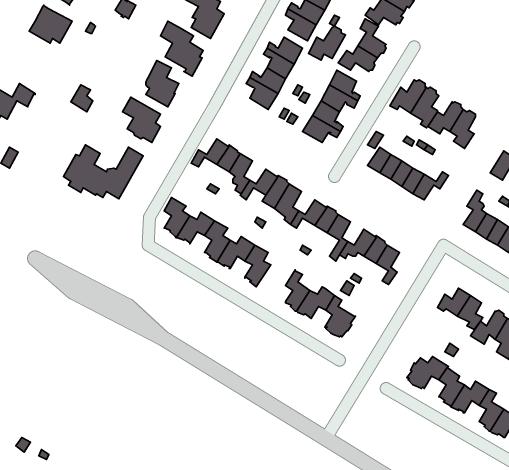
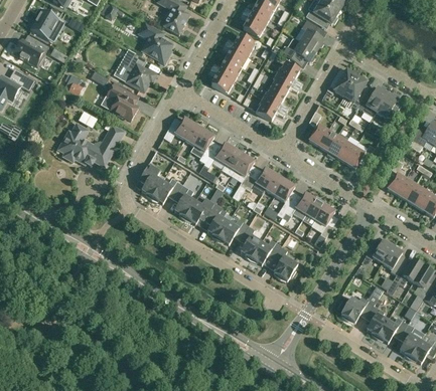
building: [309,26,345,60] -> none
building: none -> [14,35,48,66]
building: none -> [216,218,249,244]

